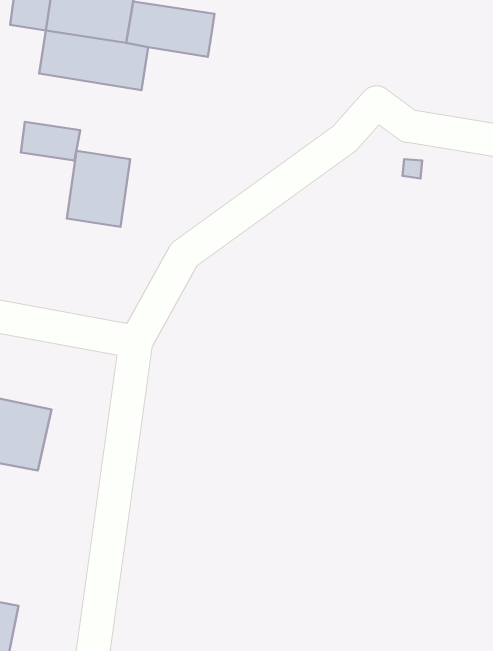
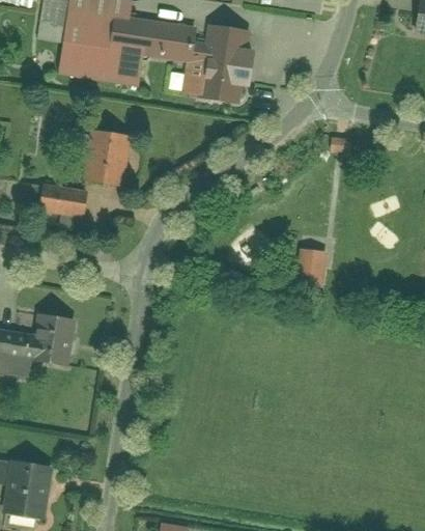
building: none -> [181,22,258,102]
building: [21,122,80,161] -> [43,185,87,214]
building: none -> [300,248,329,279]

